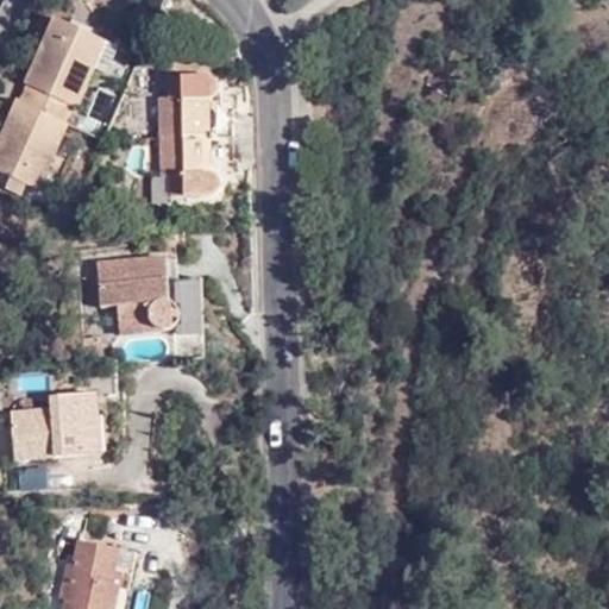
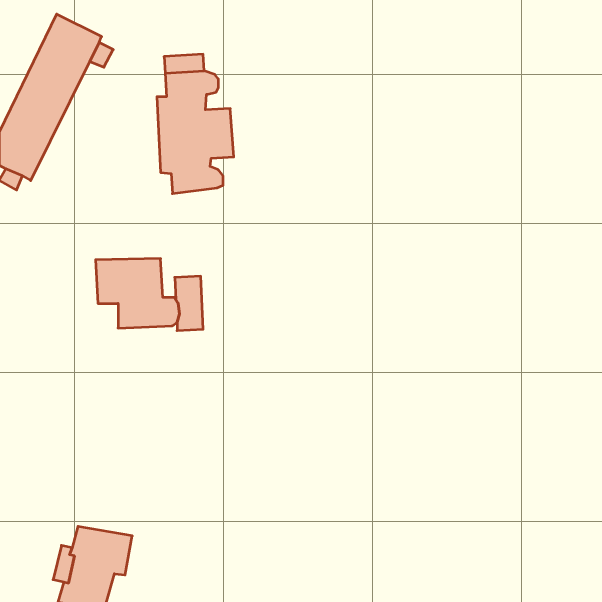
building: [5,394,99,462] -> none

